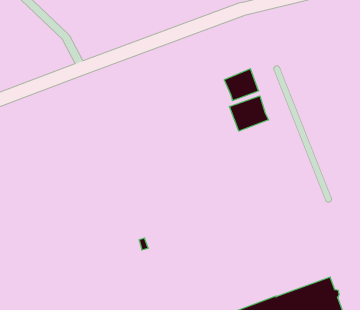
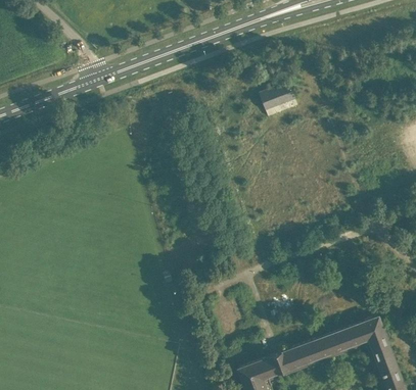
building: [229,96,269,131] -> none

